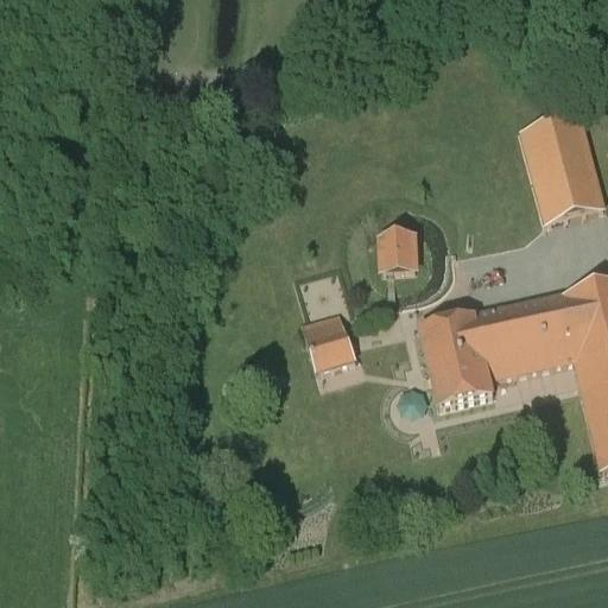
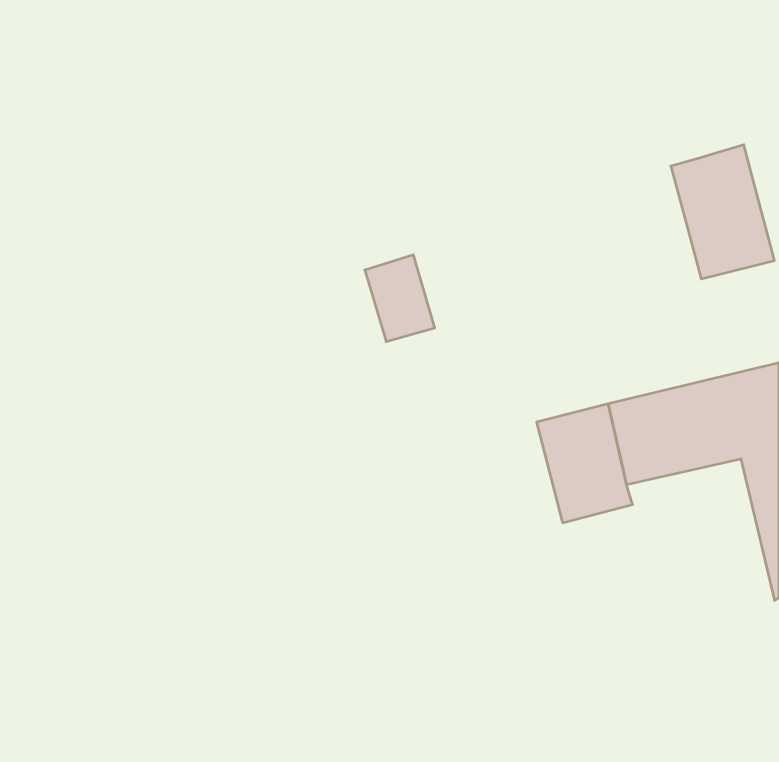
building: [381,230,419,271] -> none
building: [300,305,355,373] -> [365,255,435,342]

